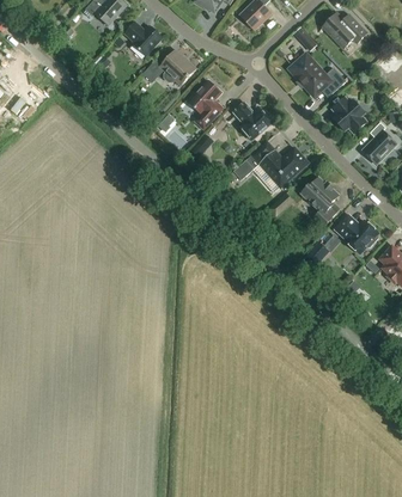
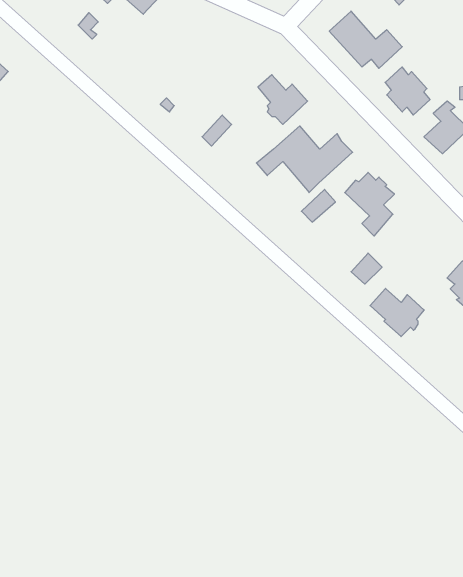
building: [144,49,196,85] -> none
building: [188,79,224,129] -> none
building: [336,215,378,252] -> [370,288,424,337]

